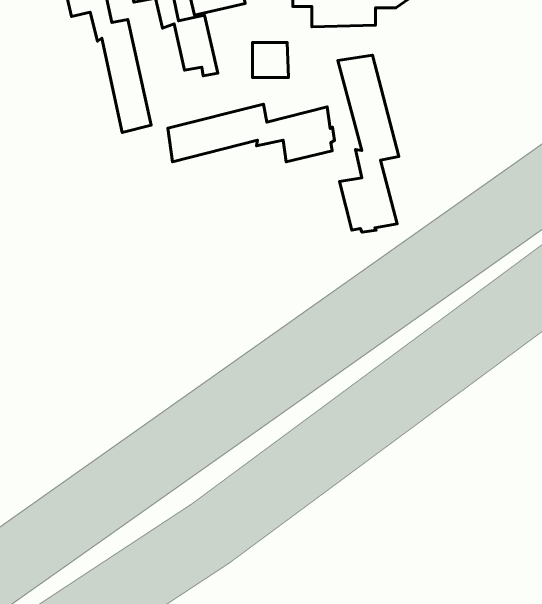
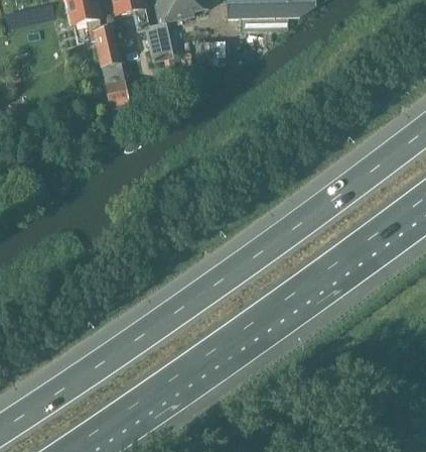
building: [338,55,399,232] -> none
building: [168,104,334,162] -> none

